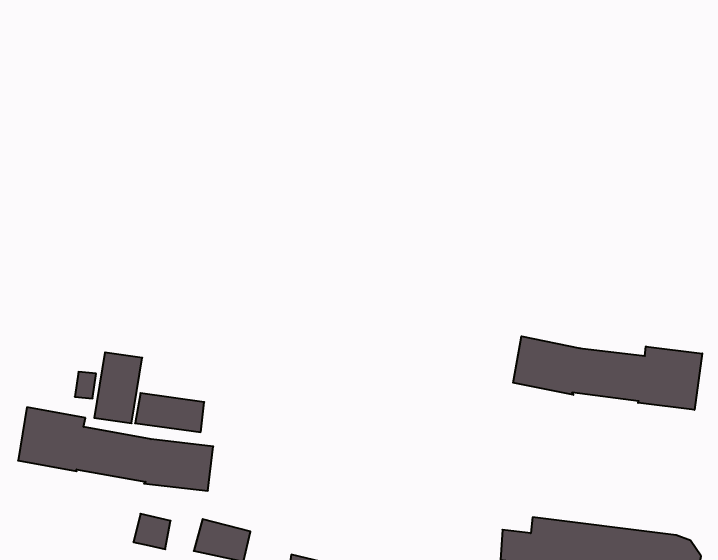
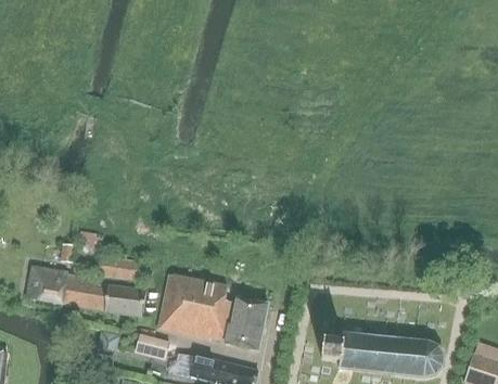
building: [513,336,702,410] -> none
building: none -> [158,274,268,349]

